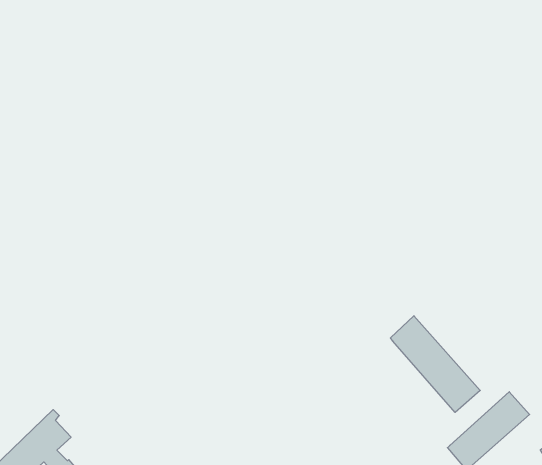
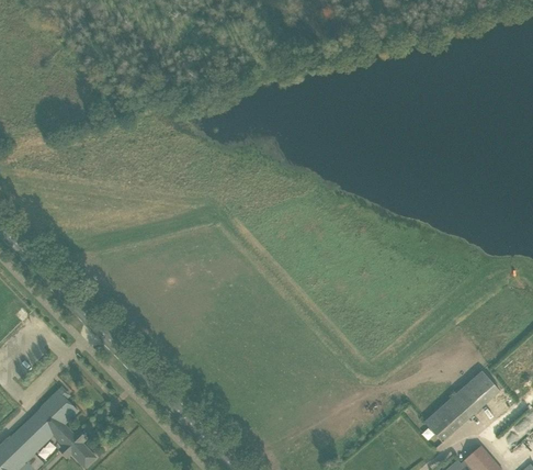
building: [390,316,480,412] -> none

